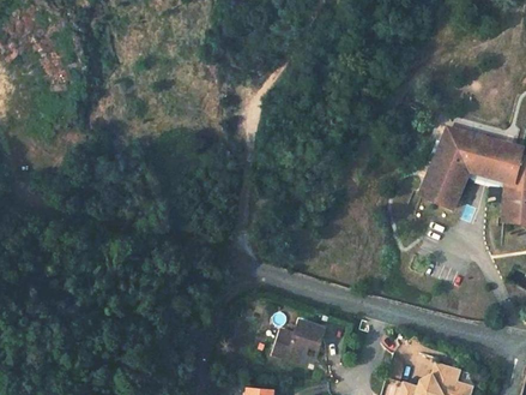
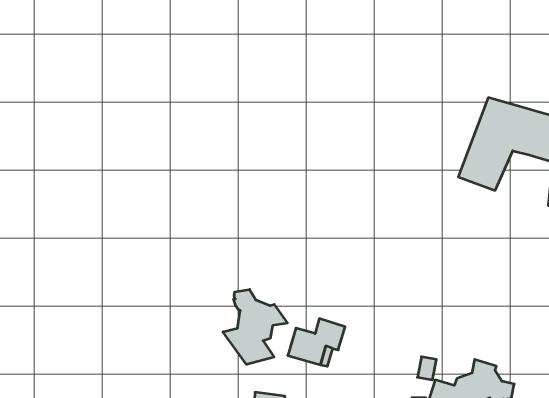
building: none -> [223,289,287,364]

